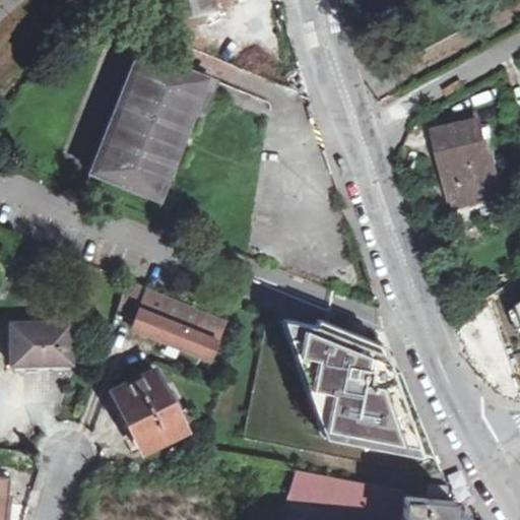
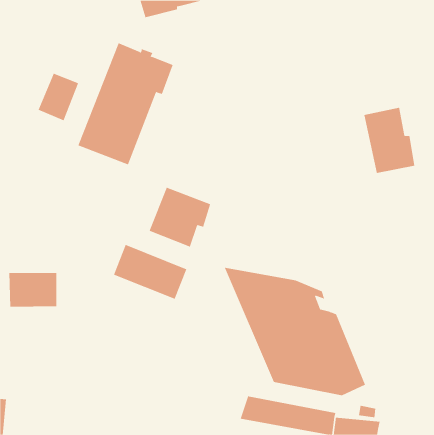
building: none -> [38,73,79,121]
building: none -> [149,187,211,248]
building: [114,373,189,448] -> none

